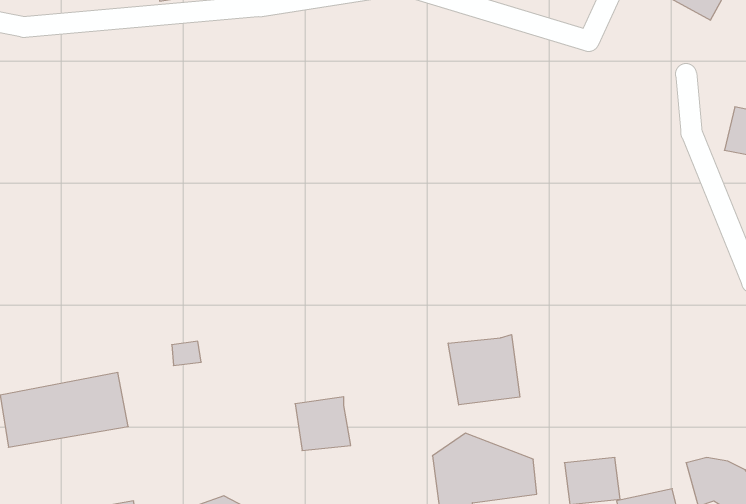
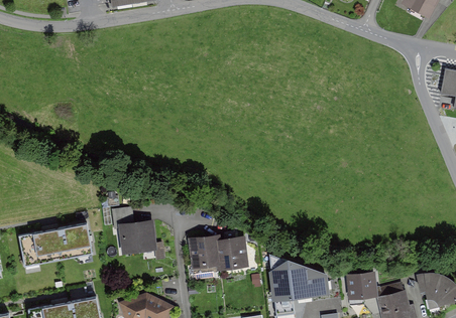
building: [448,335,520,405] -> none
building: none -> [117,219,155,255]
building: none -> [217,237,249,271]

